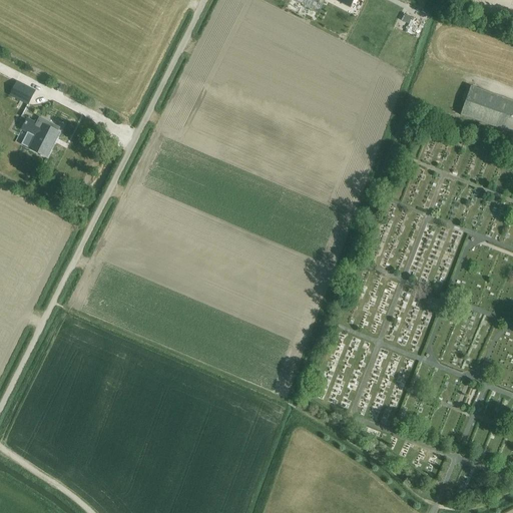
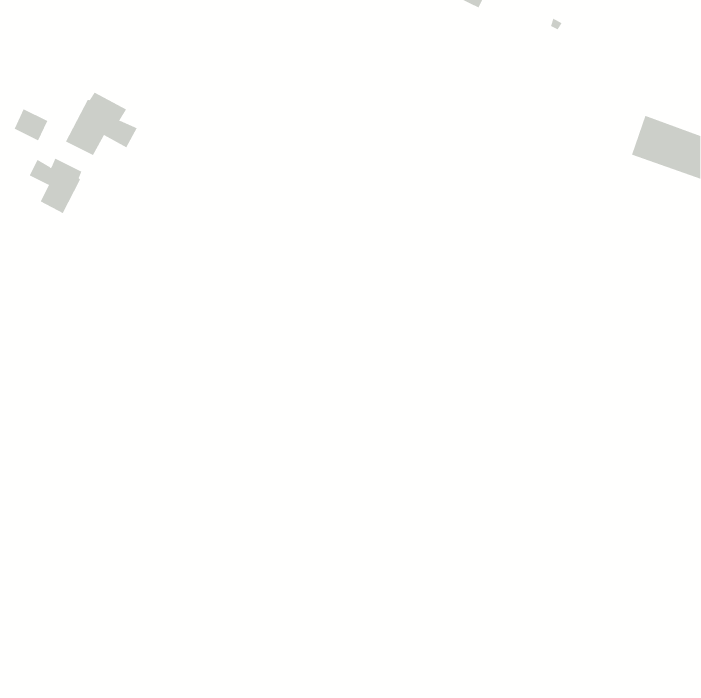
building: none -> [65,92,137,156]

